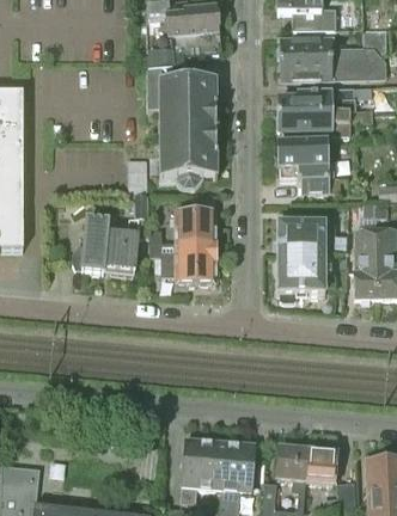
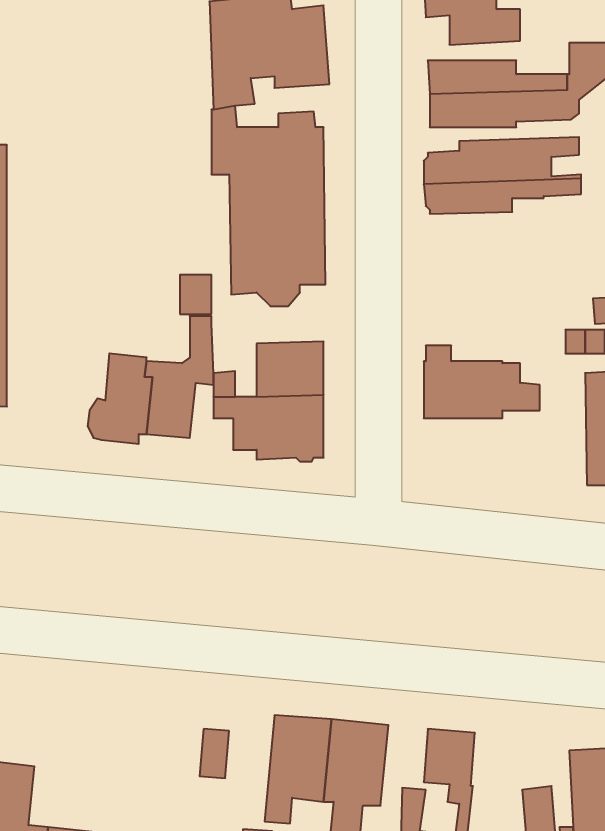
building: [276,141,338,194] -> none
building: [353,229,375,297] -> none
building: [276,257,335,301] -> none
building: [305,448,336,483] -> none

